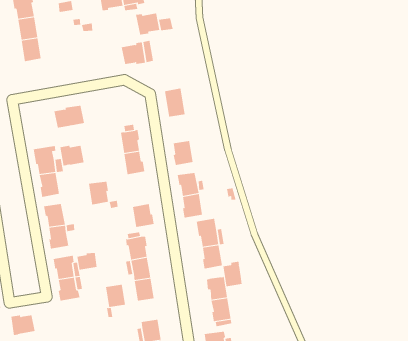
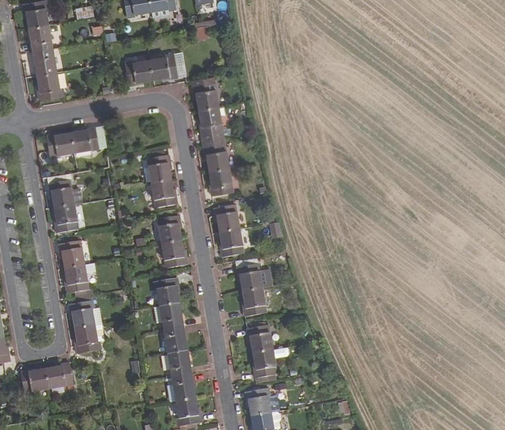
building: [135,13,160,35] -> [123,59,152,85]
building: none -> [36,72,62,100]
building: none -> [191,76,218,110]
building: none -> [203,137,228,170]
building: [59,145,84,166] -> [45,133,74,157]
building: [88,181,109,205] -> [157,216,181,244]
building: [77,252,97,270] -> none
building: [223,261,242,287] -> none
building: [105,284,126,308] -> [167,350,191,377]
building: none -> [45,362,73,388]

